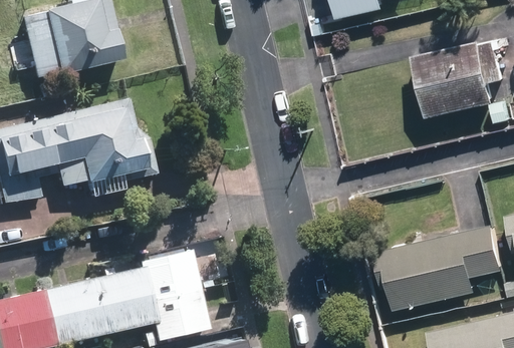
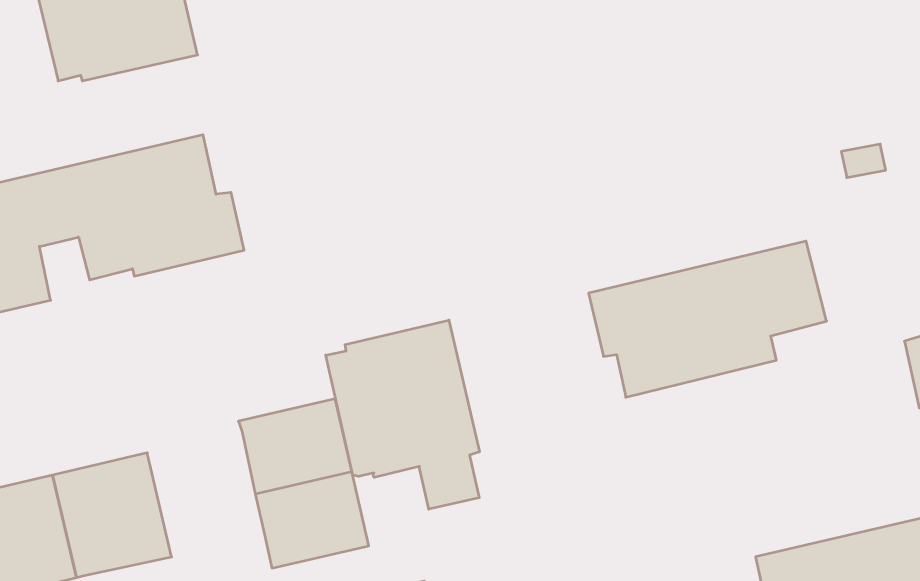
building: [408,43,497,117] -> none
building: none -> [326,320,479,509]
building: [371,225,500,309] -> [589,241,827,397]
building: [94,266,158,333] -> none

